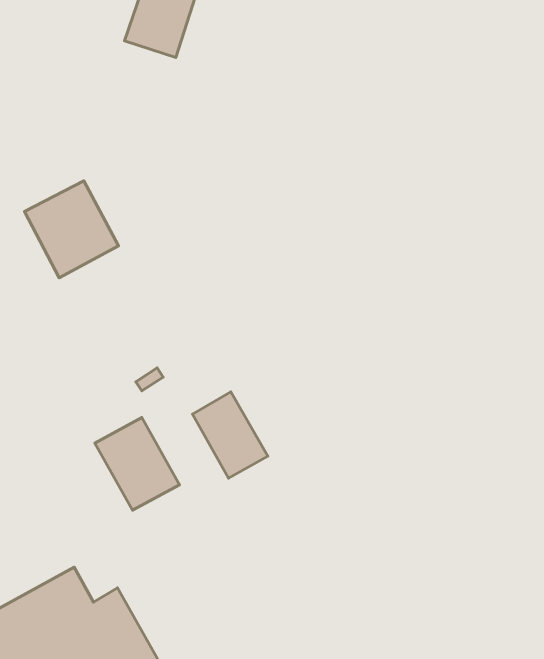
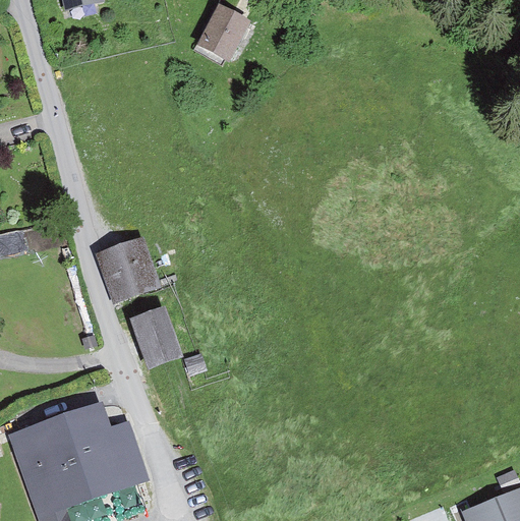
building: [24,181,118,278] -> [98,237,159,301]
building: [193,392,268,478] -> none

